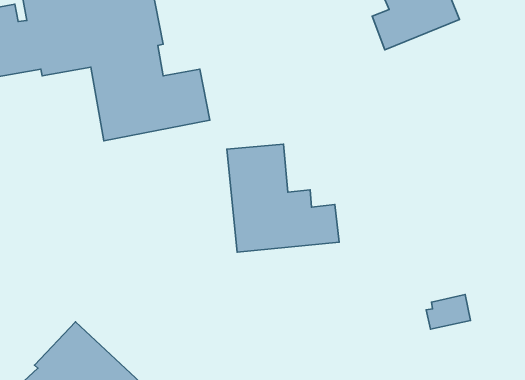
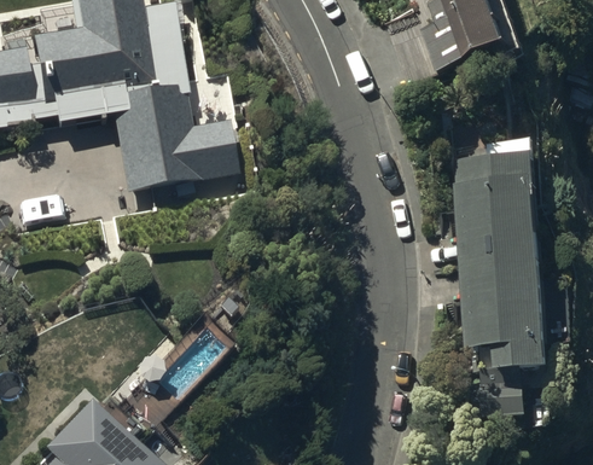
building: none -> [450,130,558,347]
building: [227,144,339,252] -> none

